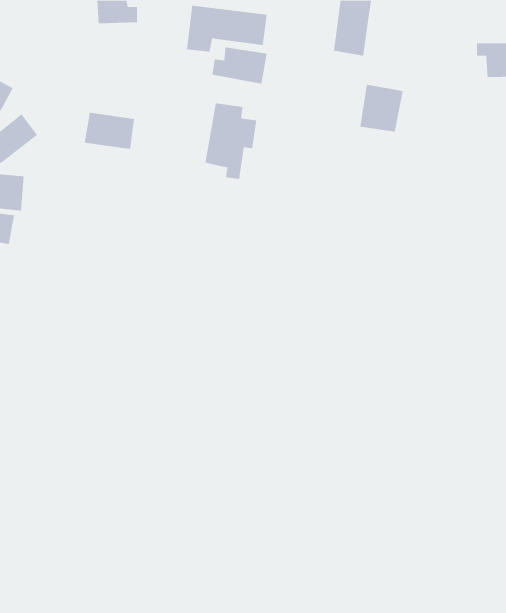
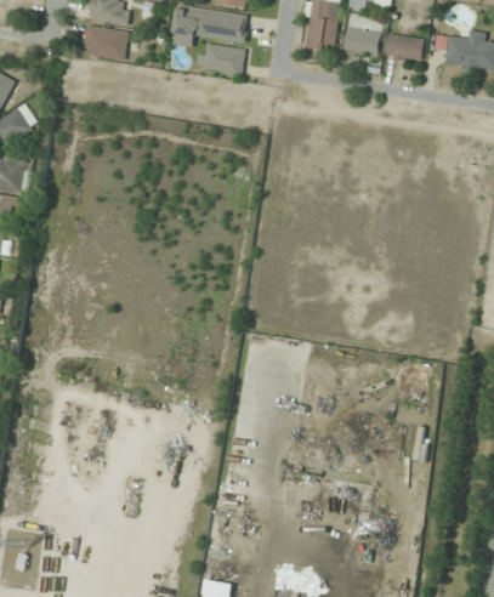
building: none -> [384,33,424,63]
building: [359,84,404,132] -> [343,12,384,56]
building: [205,102,257,180] -> none
building: [84,112,135,149] -> [81,25,127,59]

